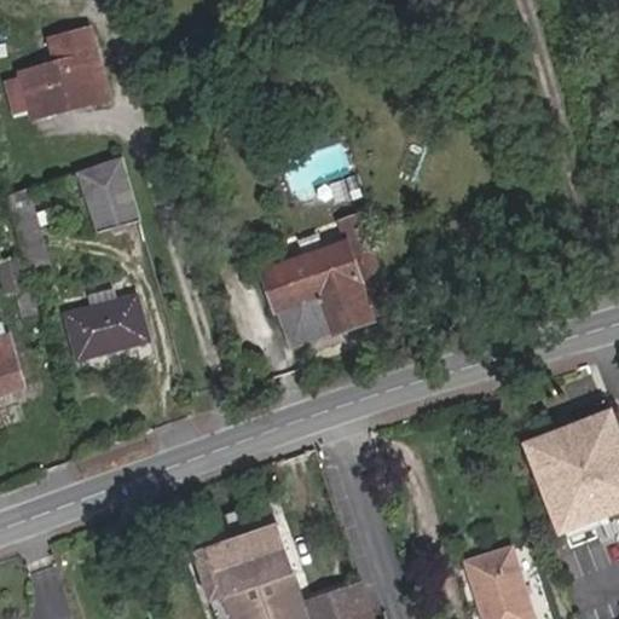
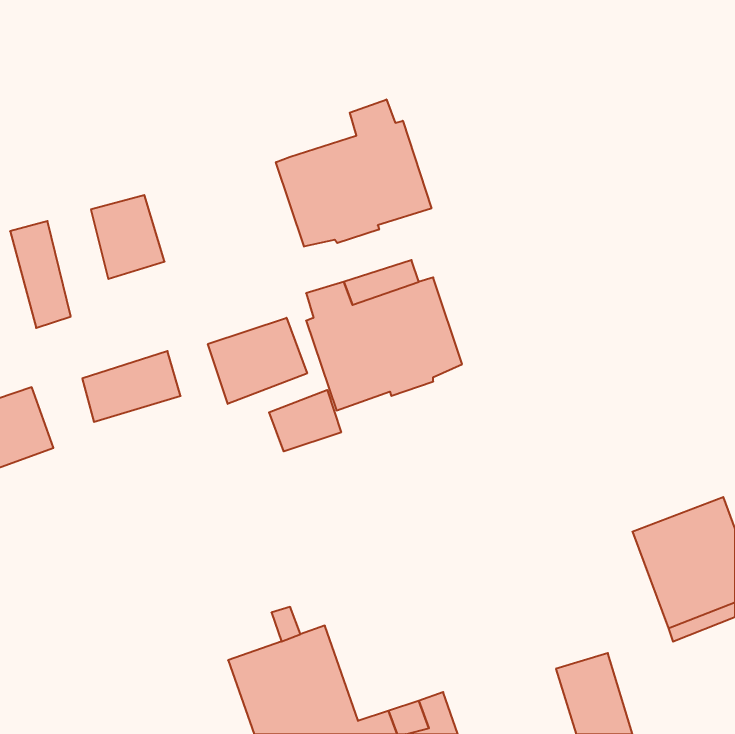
building: [10,27,106,127] -> none
building: none -> [276,99,431,247]
building: none -> [208,318,307,404]
building: none -> [269,390,341,451]

